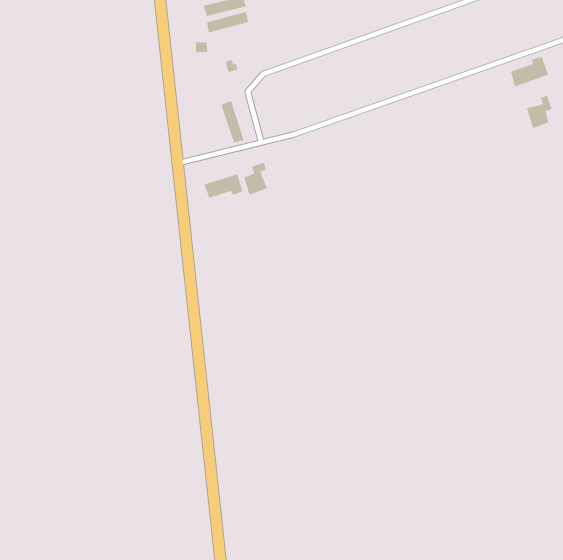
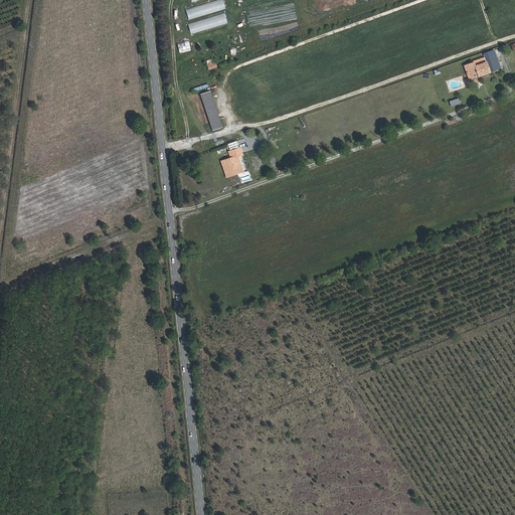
building: [526,95,552,129] -> none
building: [204,174,243,199] -> none

